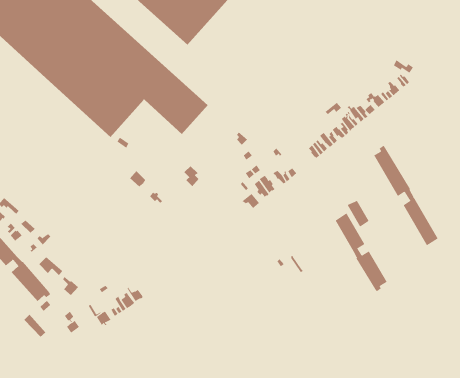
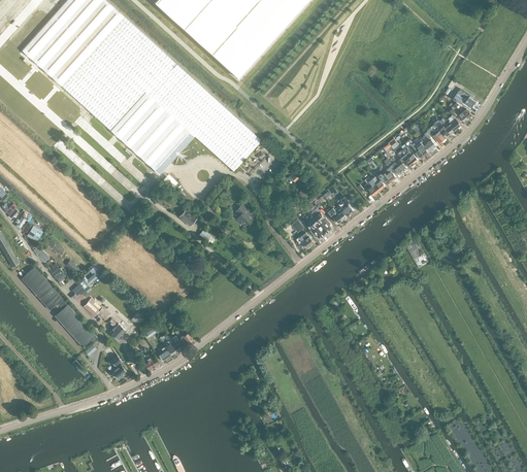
building: [374,145,438,246] -> none
building: [335,213,387,292] -> none

